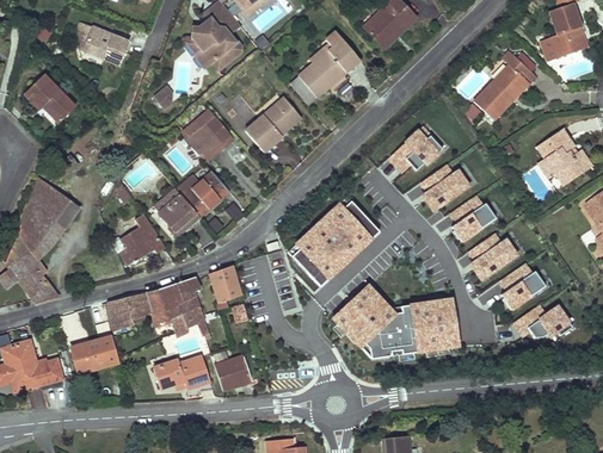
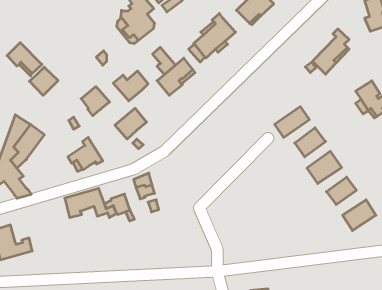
building: [78,21,129,66] -> none
building: none -> [153,47,175,74]
building: none -> [29,67,58,95]
building: [395,126,442,172] -> none
building: [159,192,201,235] -> [81,87,110,116]
building: [287,198,380,290] -> none
building: [159,278,199,310] -> none
building: [327,283,457,360] -> none
building: [73,335,121,372] -> none
building: [153,355,210,396] -> none
building: [215,358,251,389] -> none

